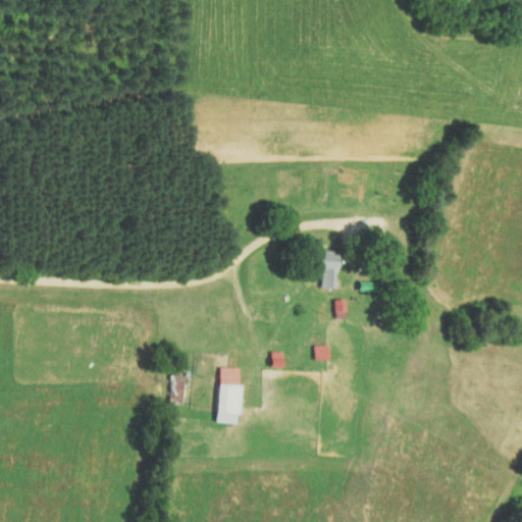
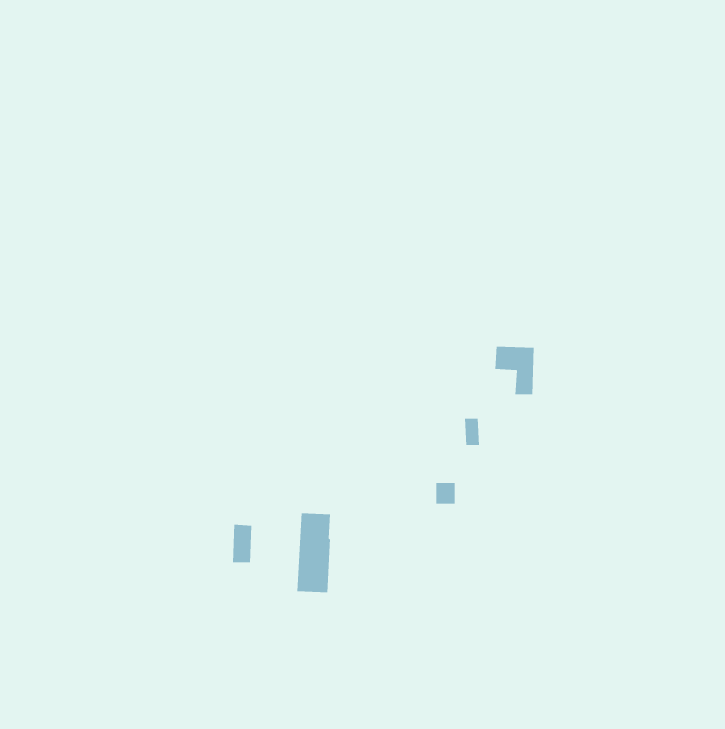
building: [308,254,336,289] -> [495,346,535,395]

